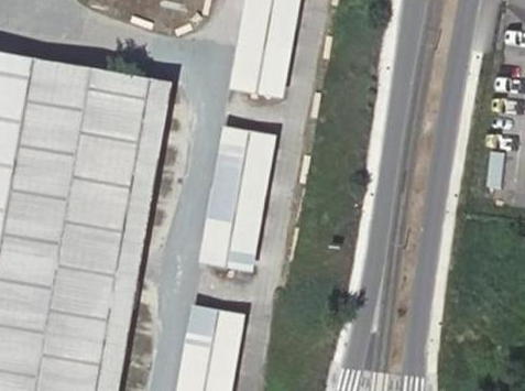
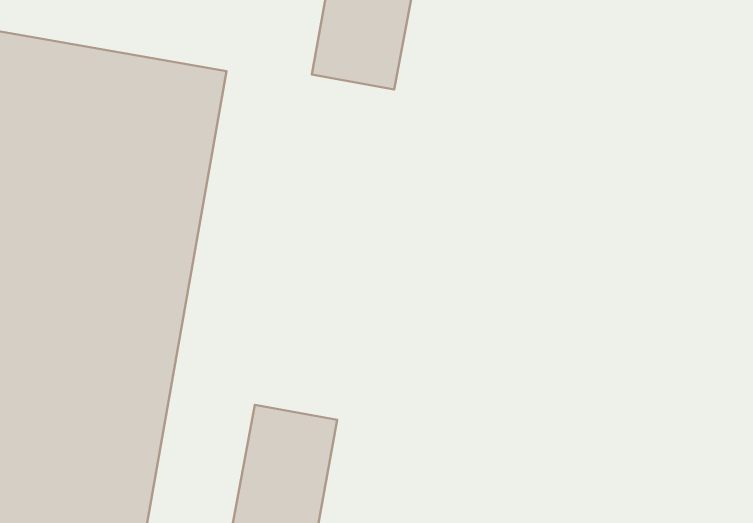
building: [198,126,276,272] -> none

